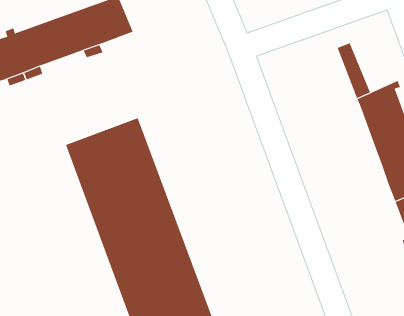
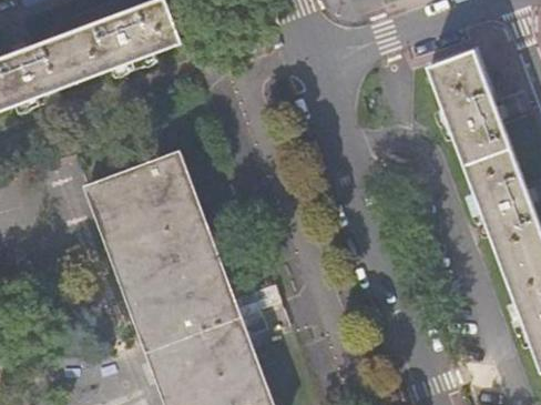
building: none -> [443,48,503,121]

